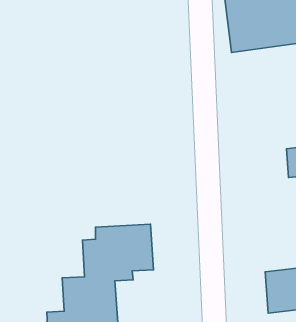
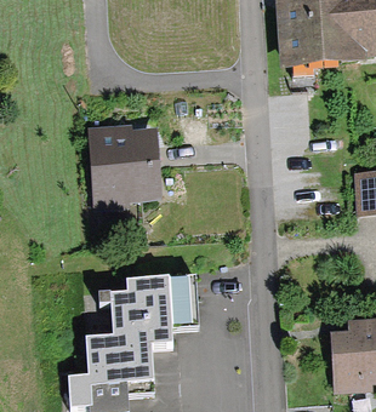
building: none -> [92,126,155,208]

